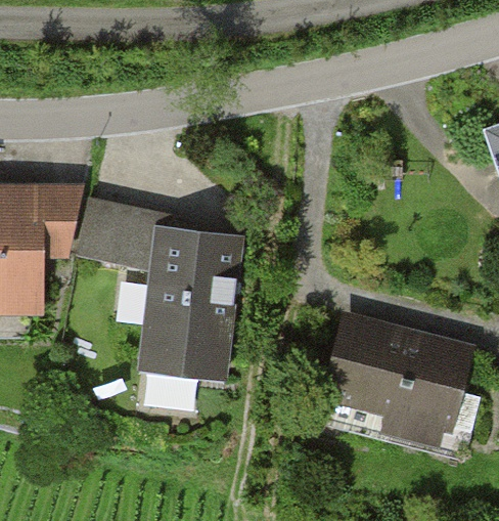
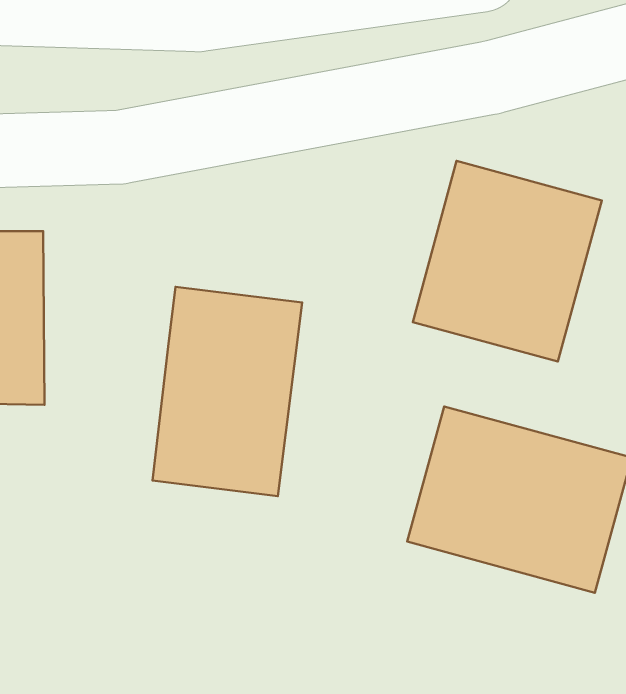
building: none -> [413,161,602,362]
building: [81,206,152,268] -> none

